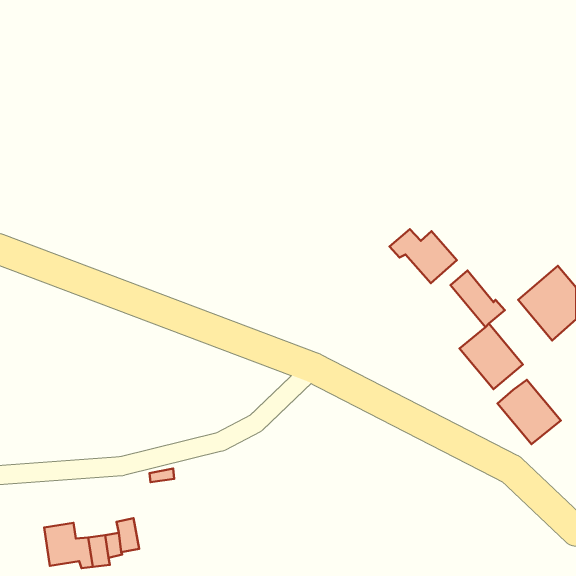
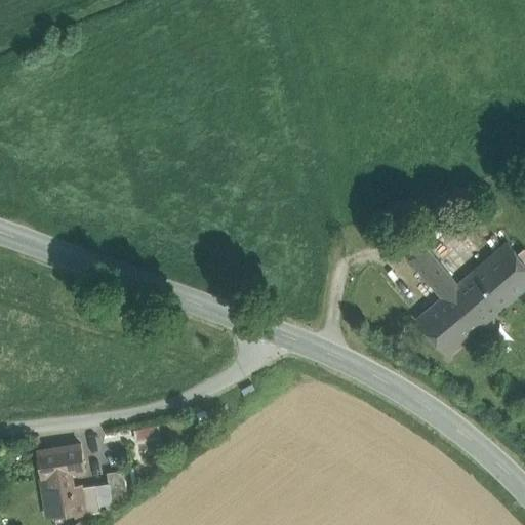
building: [390,229,457,283] -> none
building: [497,380,561,444] -> [443,274,500,332]
building: none -> [36,445,84,480]

